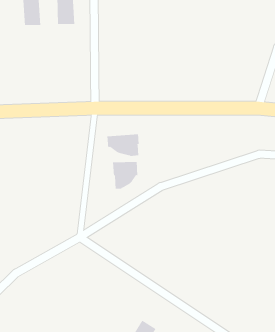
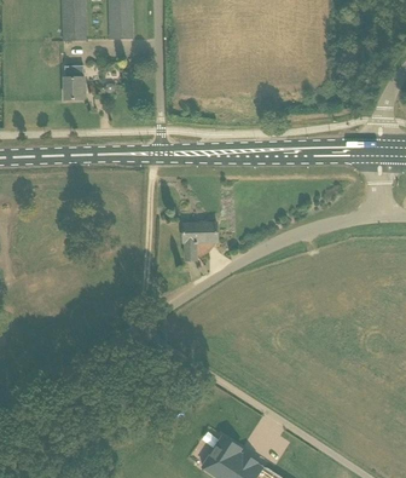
building: none -> [63,63,83,97]
building: [107,133,139,157] -> none

